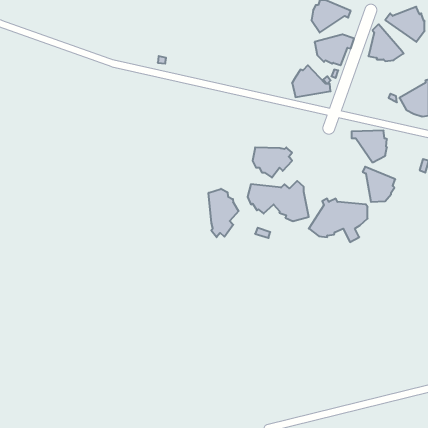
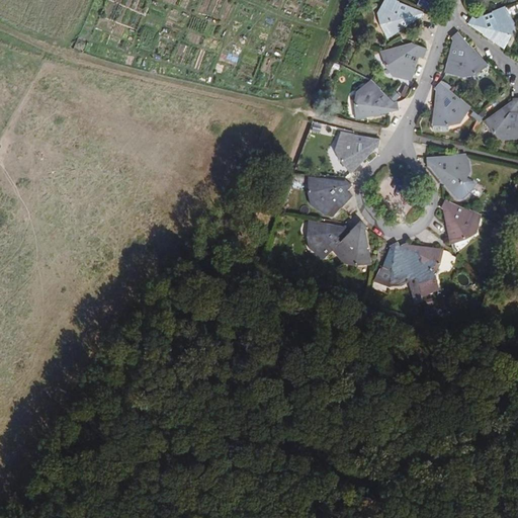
building: none -> [430,82,466,130]
building: none -> [337,128,380,172]
building: [209,189,239,237] -> none

